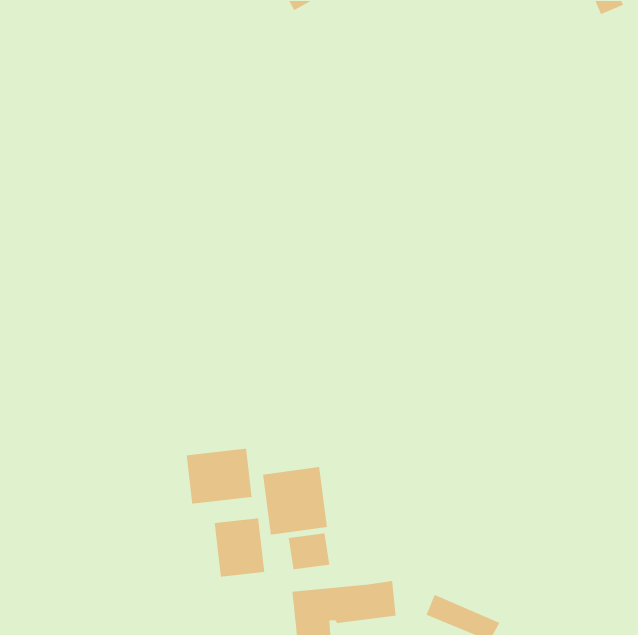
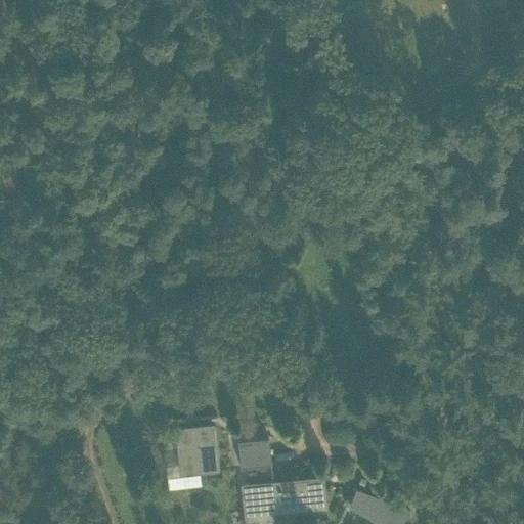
building: [186,448,253,504] -> none
building: [262,466,328,535] -> none

